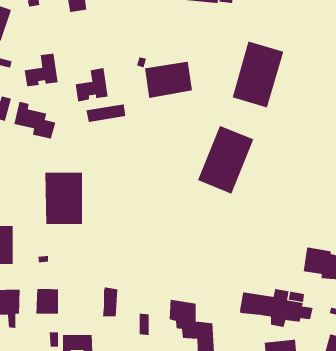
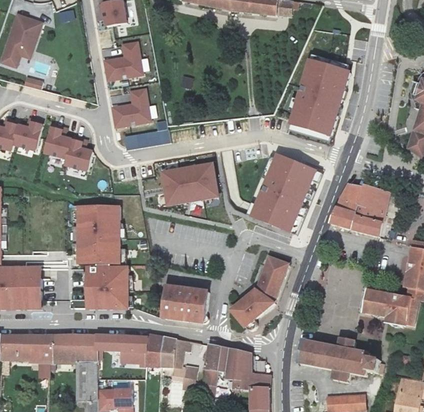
building: [24,53,59,87] -> [103,40,142,78]
building: [144,61,193,98] -> [161,161,216,203]
building: none -> [330,186,387,237]
building: none -> [227,257,285,331]
building: none -> [87,265,130,310]
building: none -> [157,286,203,323]
building: none -> [50,336,69,365]
building: none -> [94,337,144,368]
building: none -> [159,337,189,368]
building: none -> [202,346,219,384]

